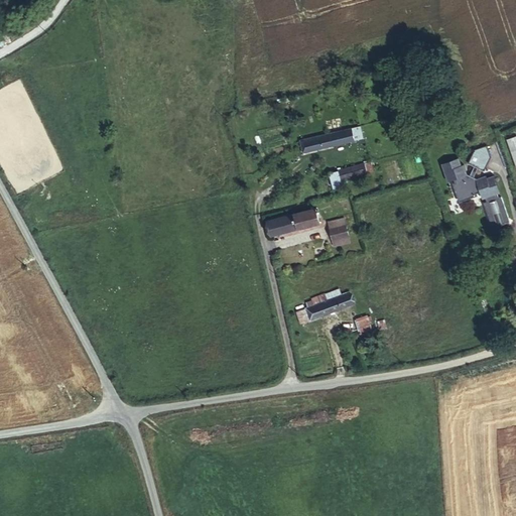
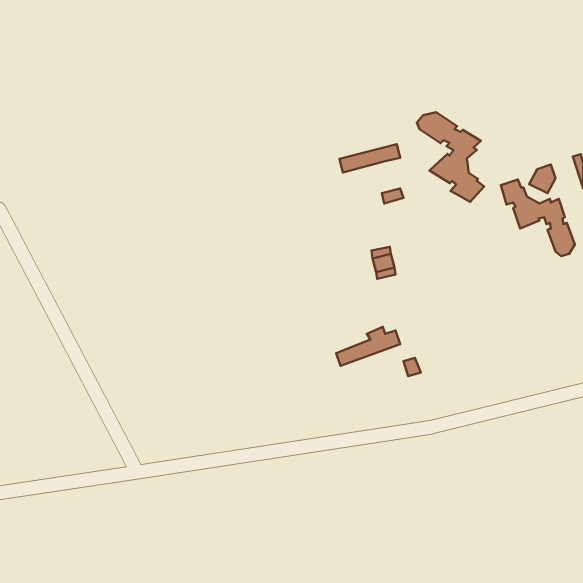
building: none -> [417,112,484,202]
building: [266,209,317,236] -> none

